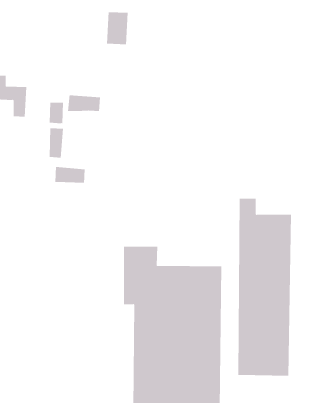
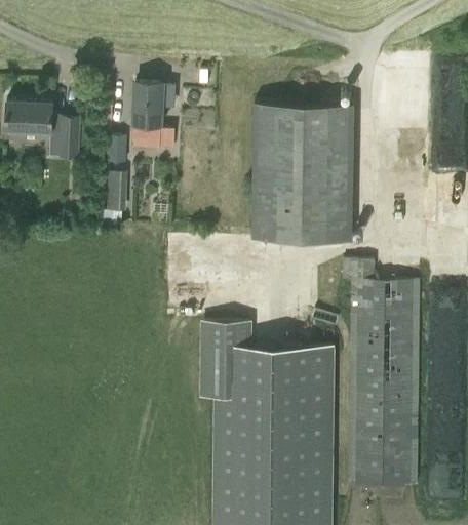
building: [106,12,128,45] -> [132,85,161,127]
building: none -> [252,104,354,241]
building: [55,166,85,183] -> none

